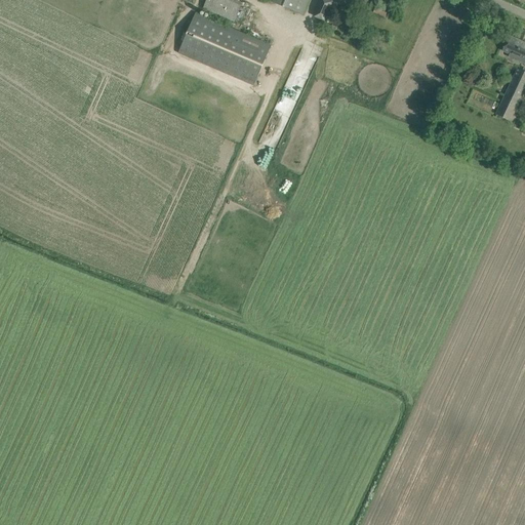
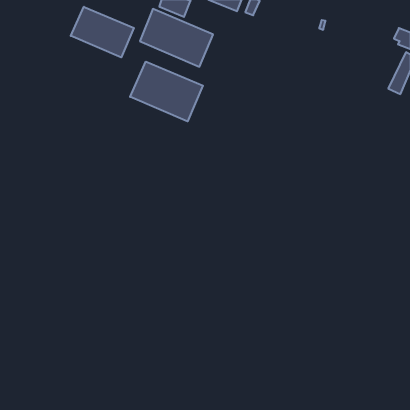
building: none -> [71,7,134,57]
building: none -> [130,62,203,121]

